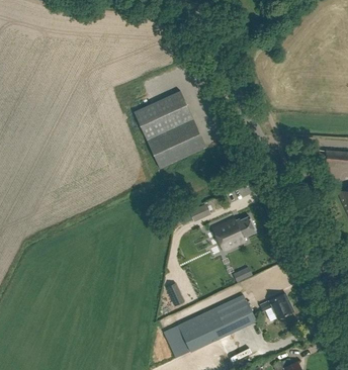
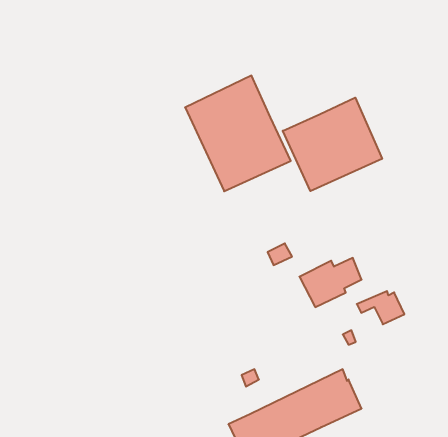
building: none -> [283,98,382,191]
building: [260,295,293,318] -> [357,291,404,324]

